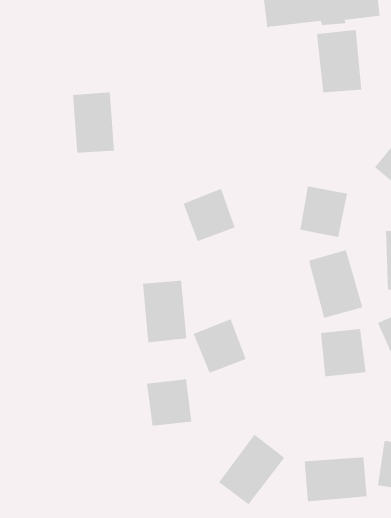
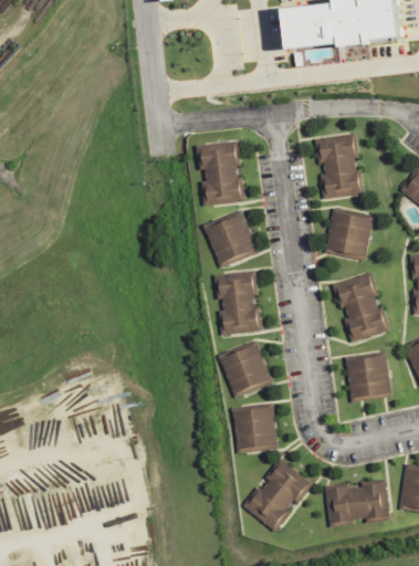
building: [316,29,362,93] -> [315,134,362,198]
building: [72,92,115,153] -> [199,142,242,203]
building: [142,280,187,343] -> [214,271,260,334]
building: [146,379,192,426] -> [230,403,276,451]

